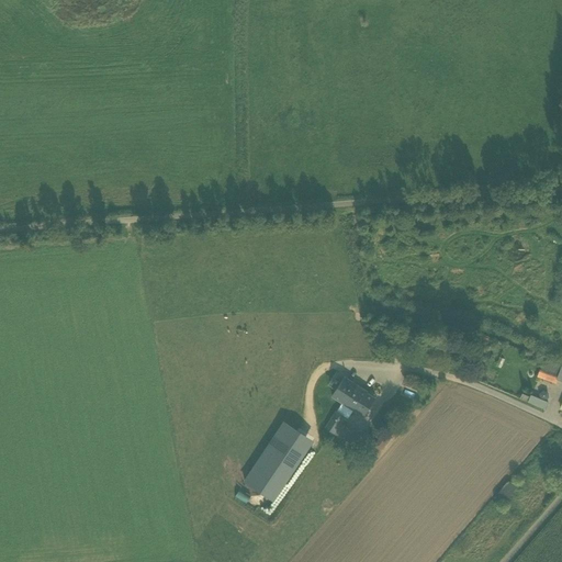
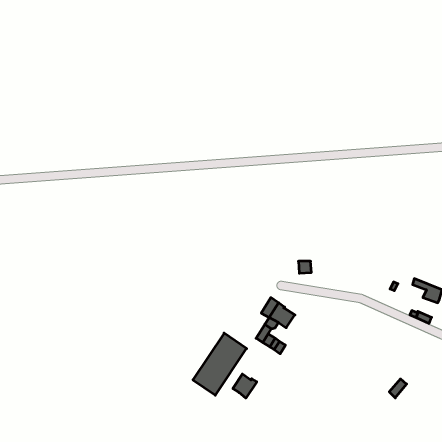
building: none -> [233,374,257,398]

